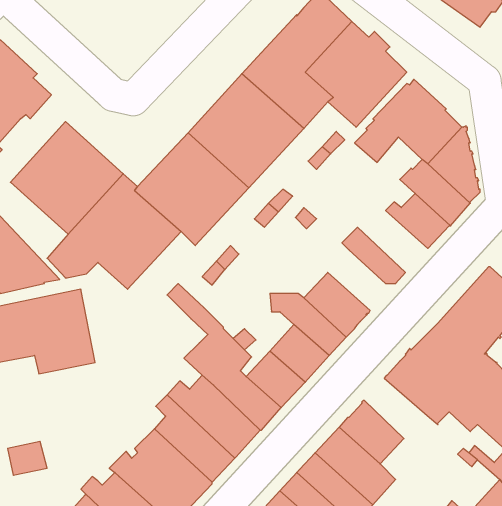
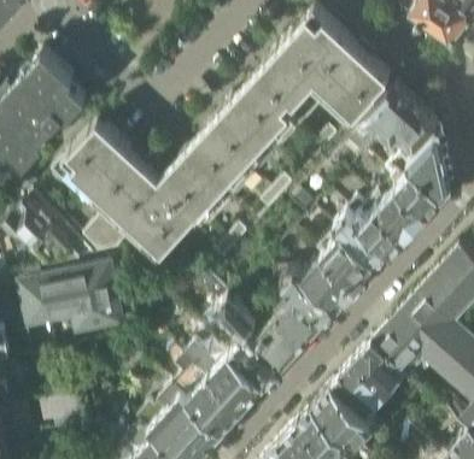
building: none -> [347,196,408,249]
building: none -> [322,230,373,282]
building: none -> [353,340,421,398]

